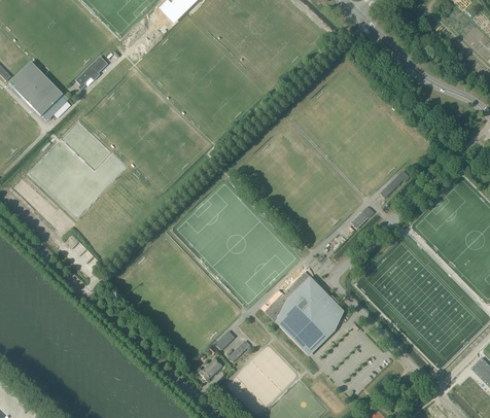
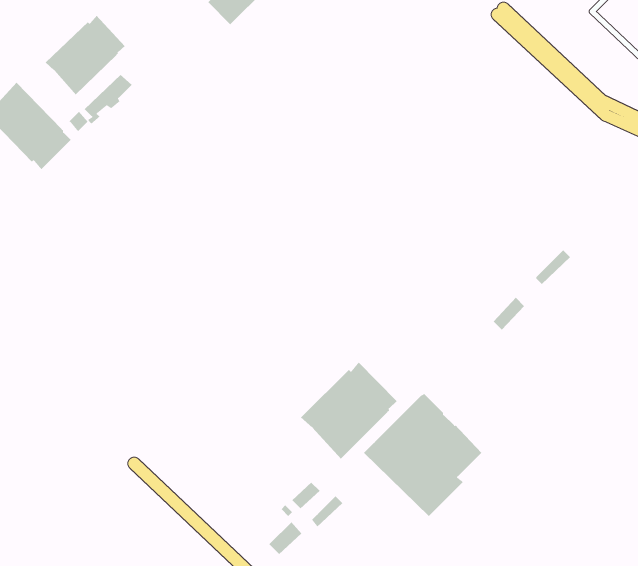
building: none -> [45,15,125,95]
building: none -> [300,361,397,459]

